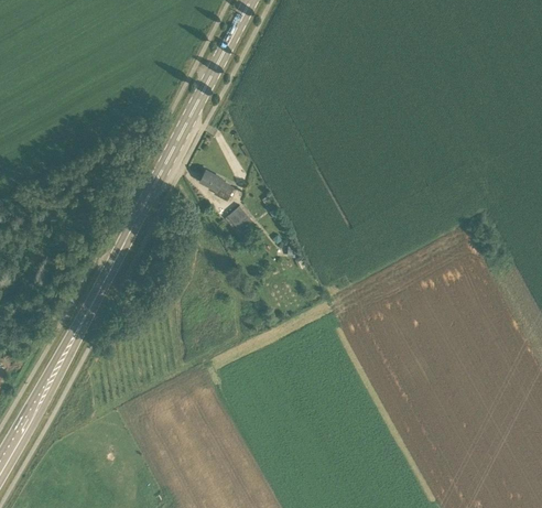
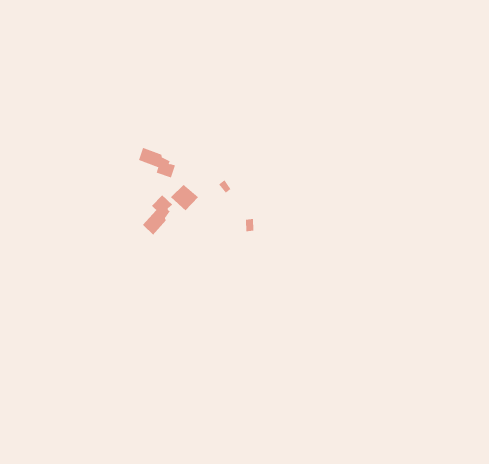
building: none -> [142,195,173,235]

